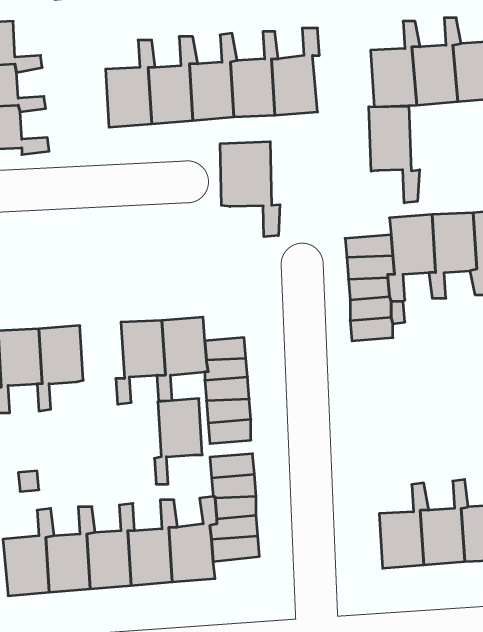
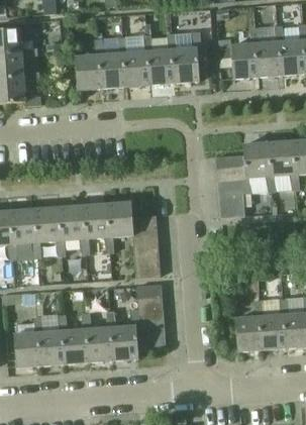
building: [369,106,420,203] -> none
building: [220,142,280,237] -> none
building: [154,399,202,484] -> [58,205,86,255]

